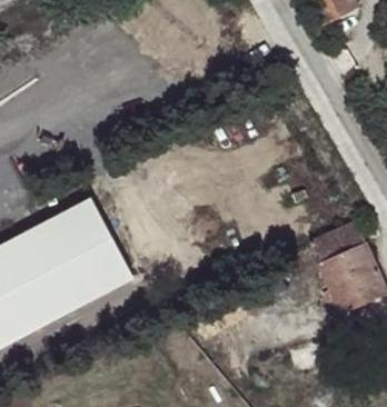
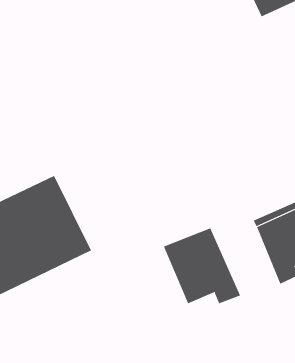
building: none -> [163,227,241,304]

